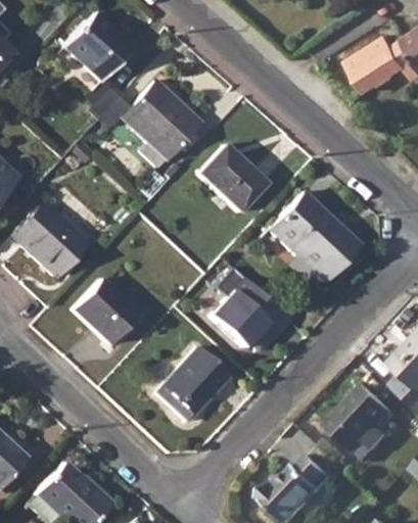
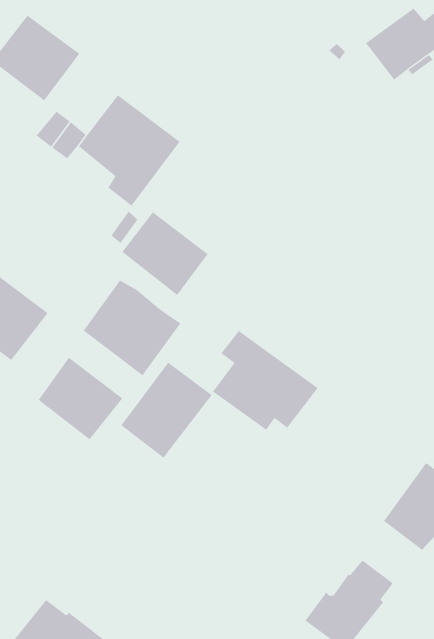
building: [199,145,266,211] -> [121,211,208,296]
building: [270,192,358,281] -> none
building: none -> [83,280,181,376]
building: [157,346,230,420] -> [120,362,213,458]

